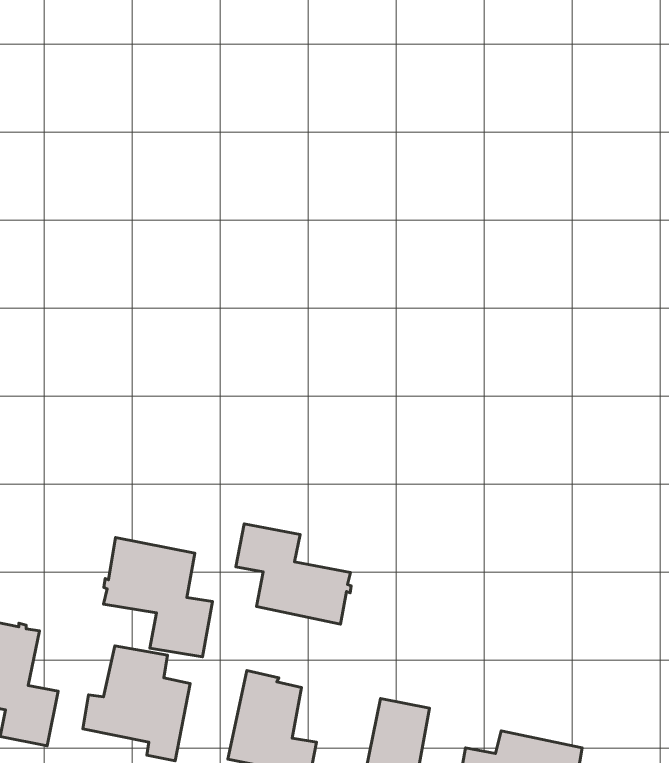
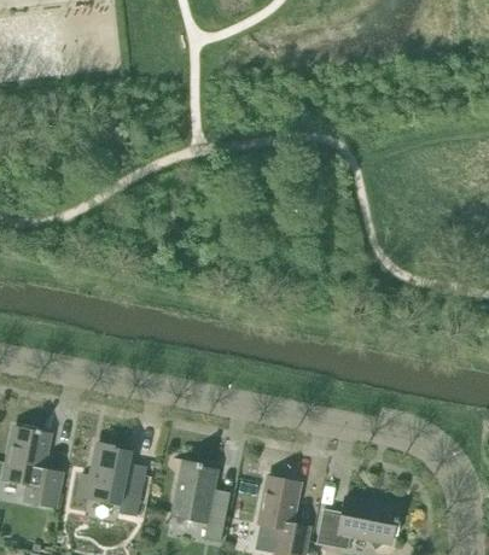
building: [236,524,351,624] -> none
building: [104,538,212,657] -> none

